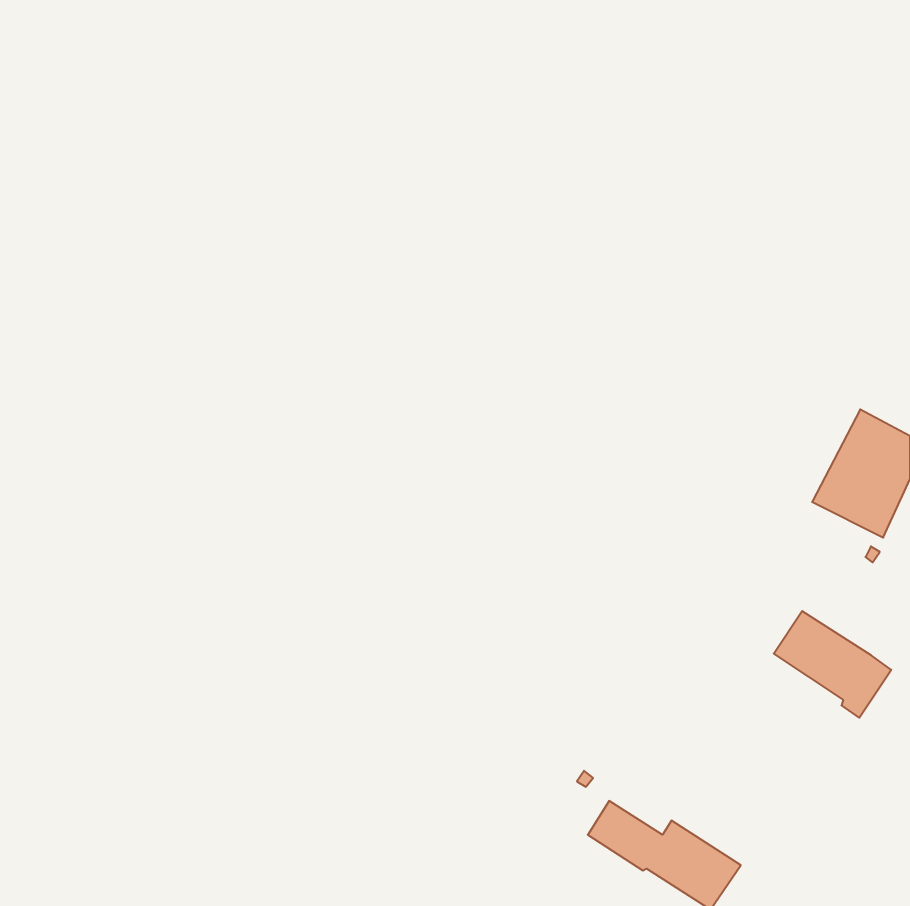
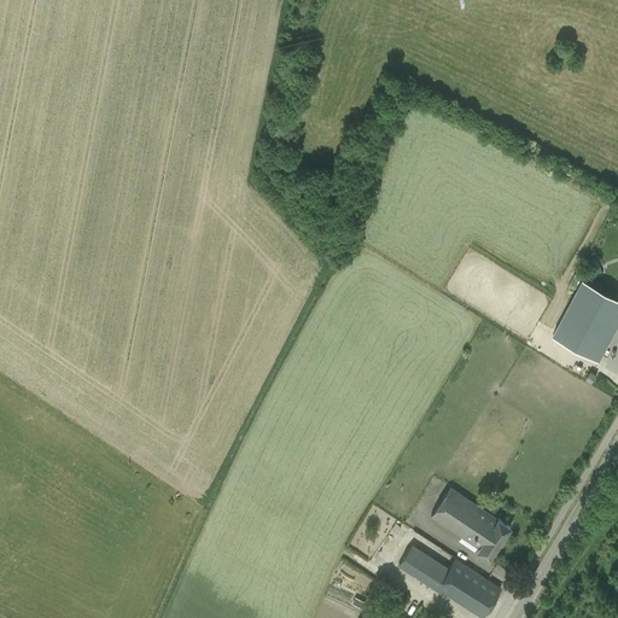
building: [774,611,891,718] -> [431,489,511,561]

